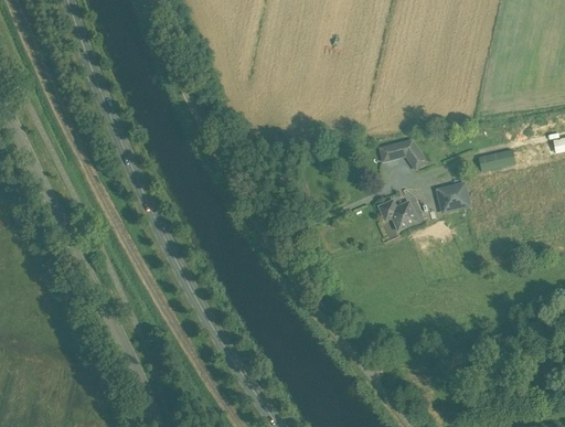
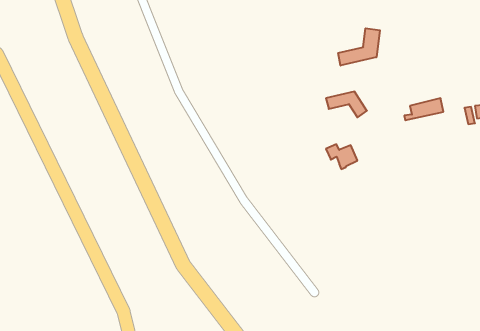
building: none -> [338,28,380,66]
building: [438,185,468,209] -> none

